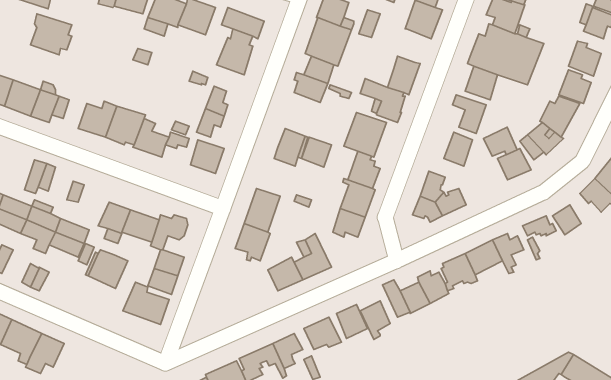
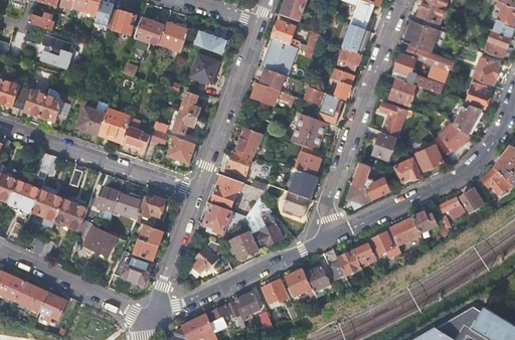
building: none -> [335,46,362,73]
building: [484,127,517,156] -> [393,156,420,179]
building: [302,137,331,167] -> [227,151,251,175]
building: none -> [189,240,221,274]

